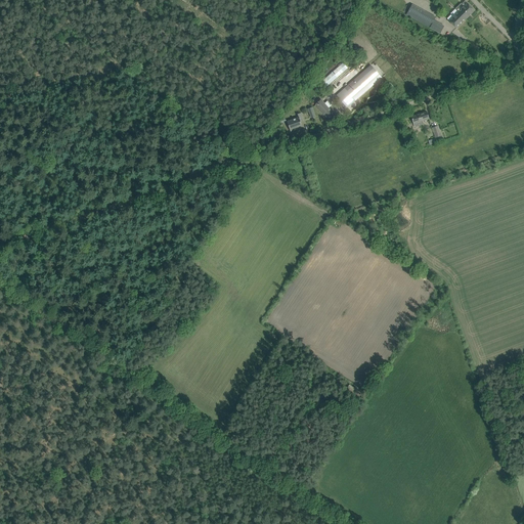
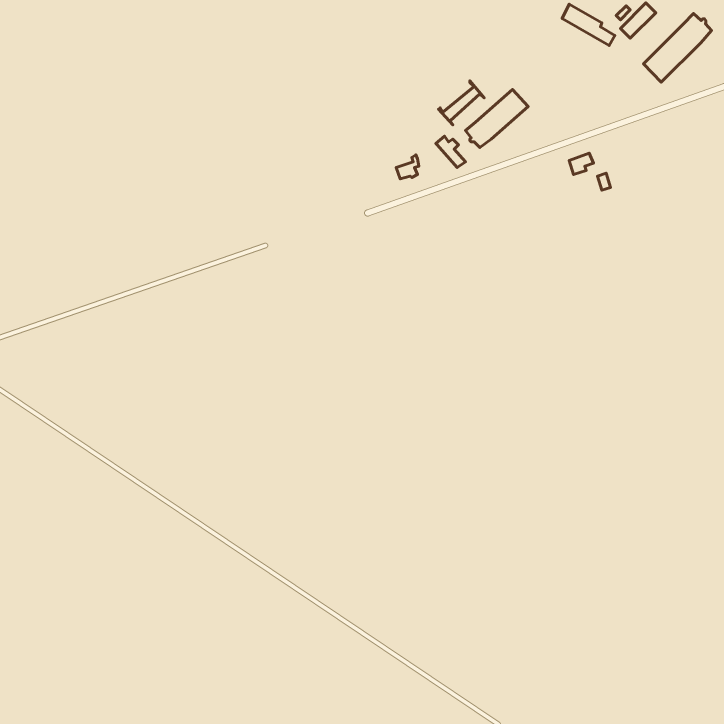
building: none -> [643,14,711,82]

